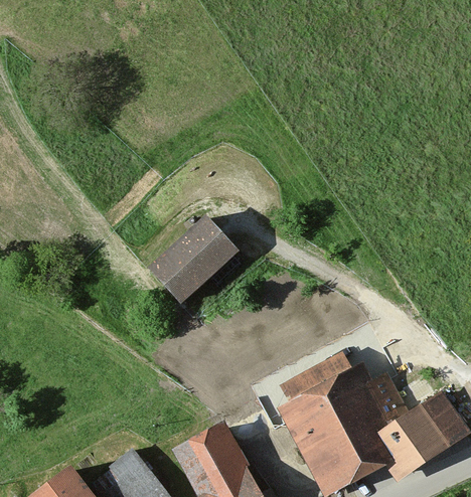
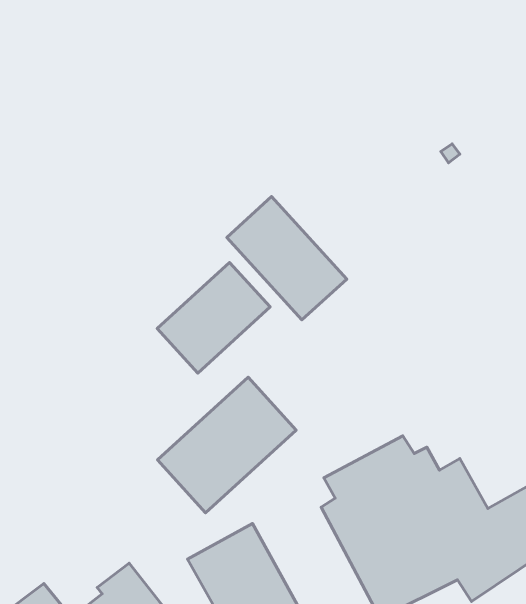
building: none -> [227,197,347,320]
building: none -> [157,377,296,513]

